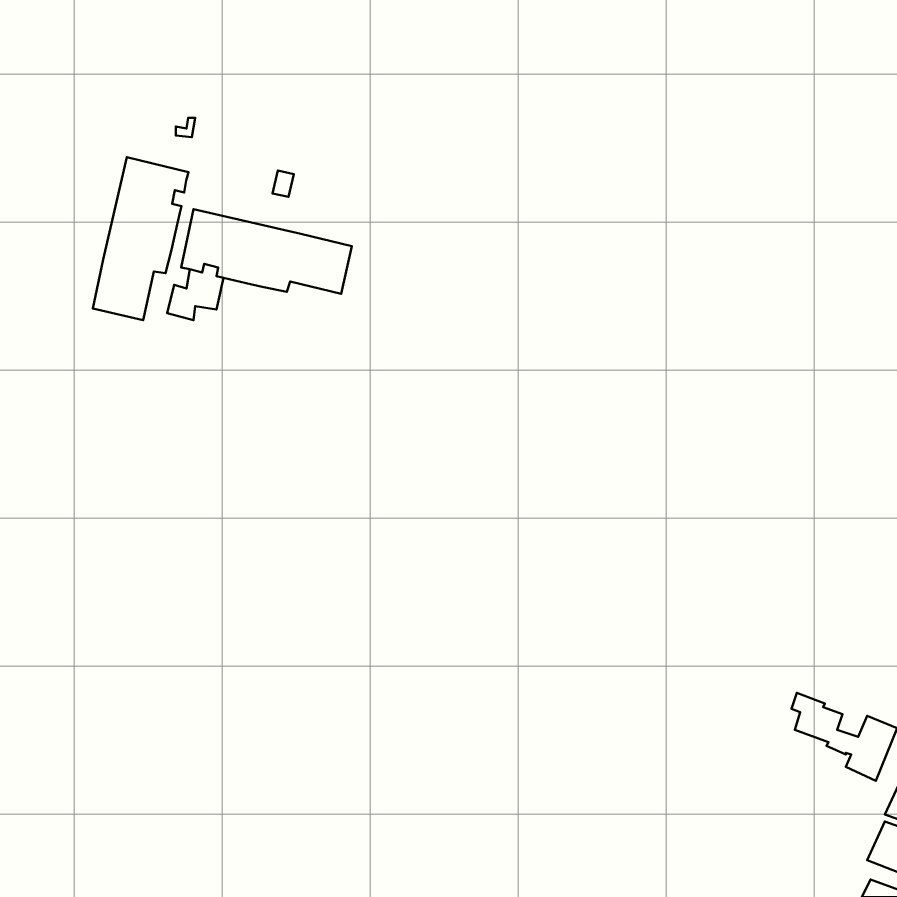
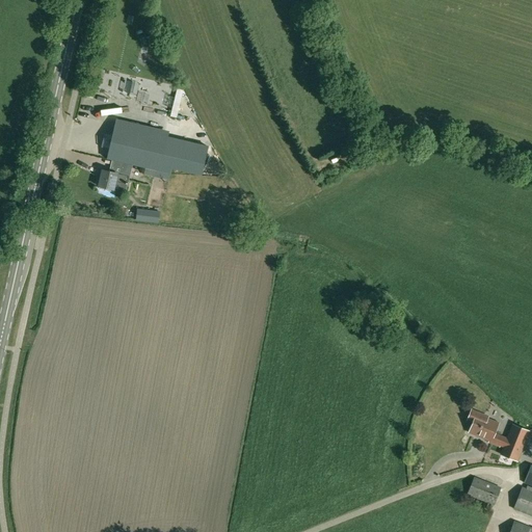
building: [93,157,188,320] -> none
building: none -> [468,476,502,504]

